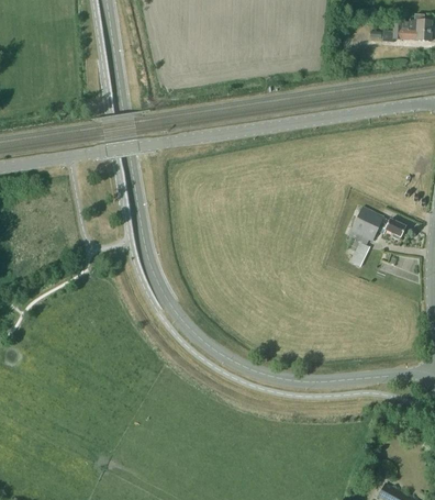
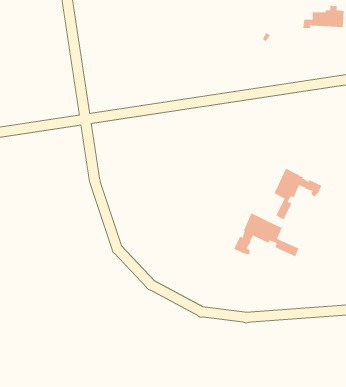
building: none -> [234,212,299,257]

